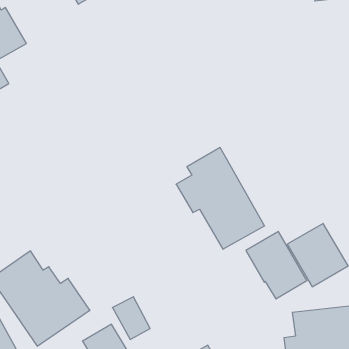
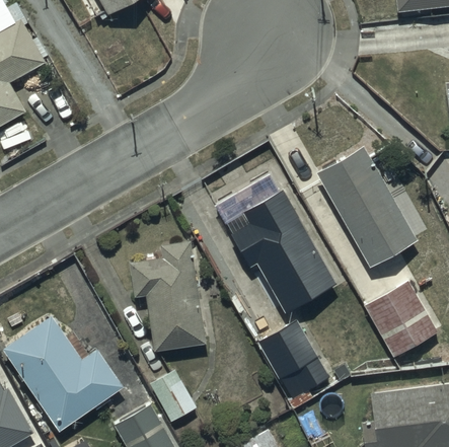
building: none -> [315,144,417,267]
building: none -> [130,240,205,352]
building: [246,231,307,299] -> [256,319,330,401]

